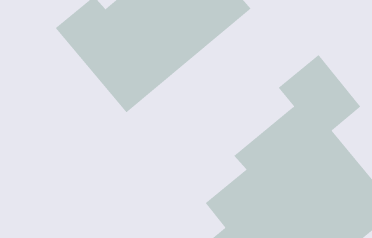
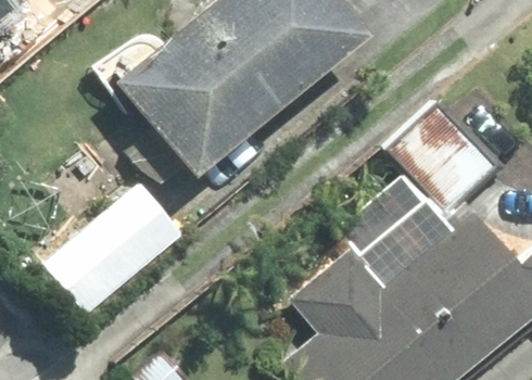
building: none -> [47,182,185,315]

